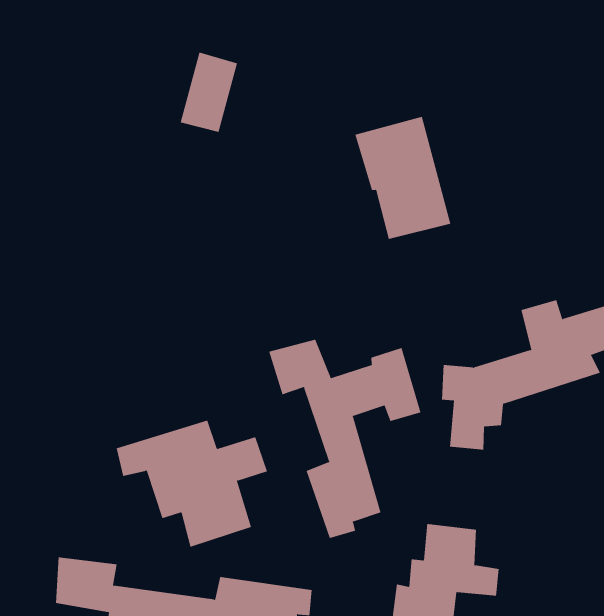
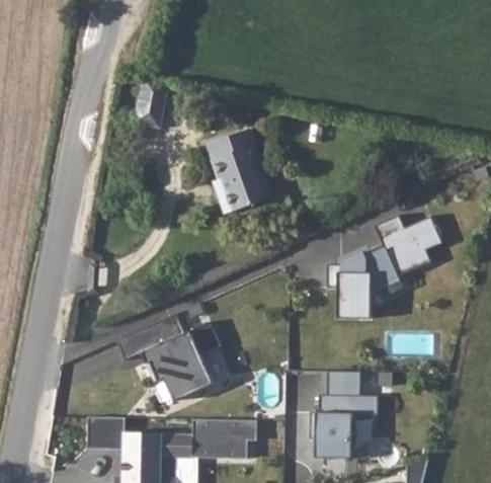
building: [355,116,451,239] -> [207,130,275,213]
building: [268,339,421,539] -> none

